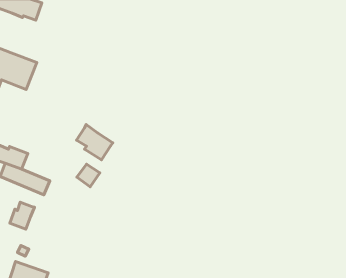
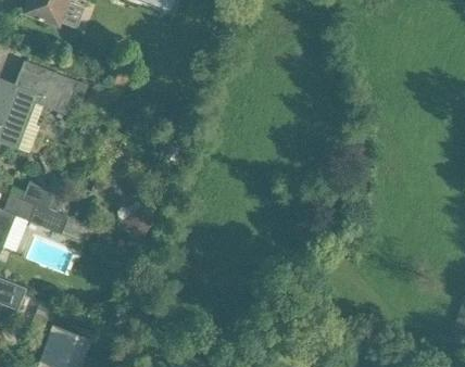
building: [77,124,113,160] -> none
building: [10,202,35,229] -> none

